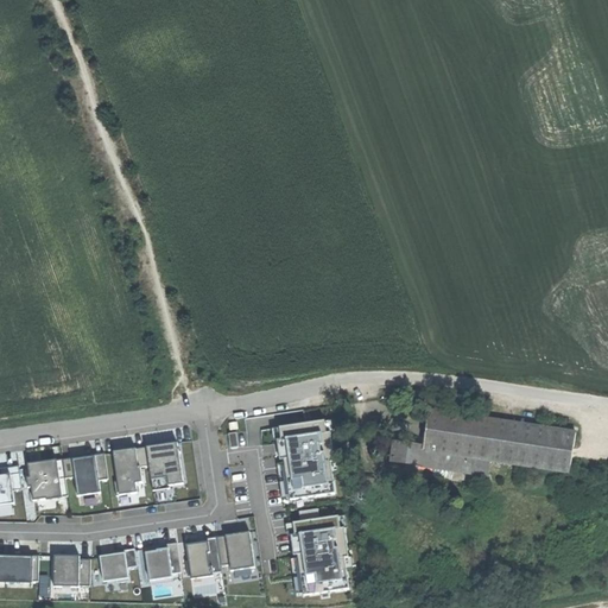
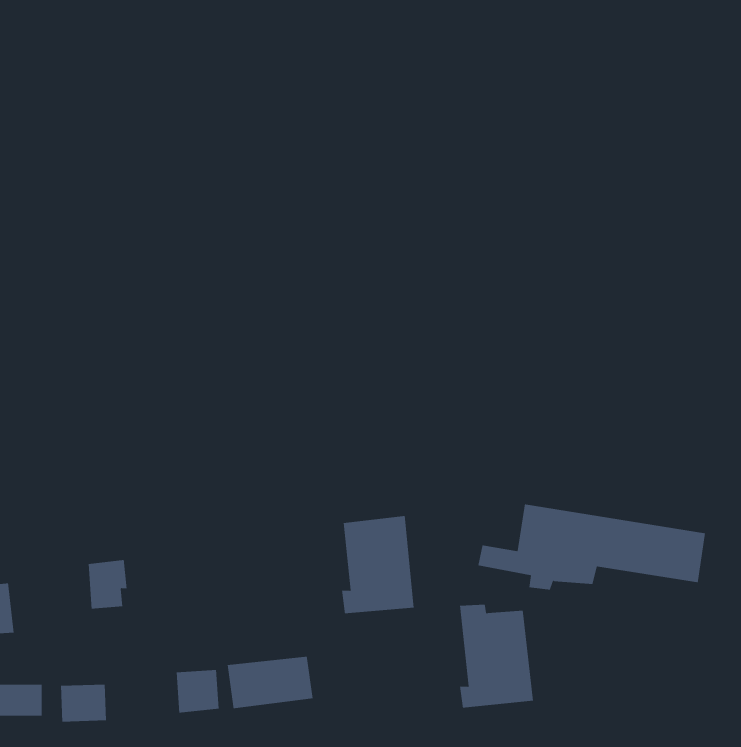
building: [108,442,182,493] -> none
building: [25,458,71,499] -> none
building: [291,509,352,594] -> [459,604,534,708]
building: [96,550,135,581] -> none

